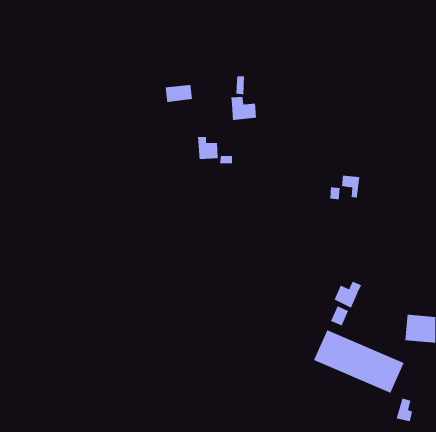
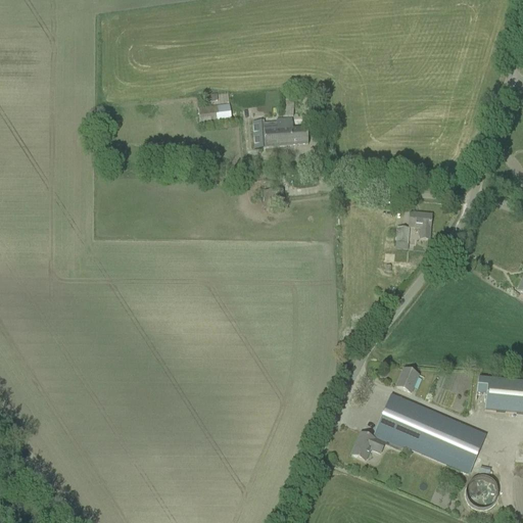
building: [197,136,219,159] -> [252,117,278,145]
building: [334,281,362,309] -> none
building: none -> [350,430,384,458]

